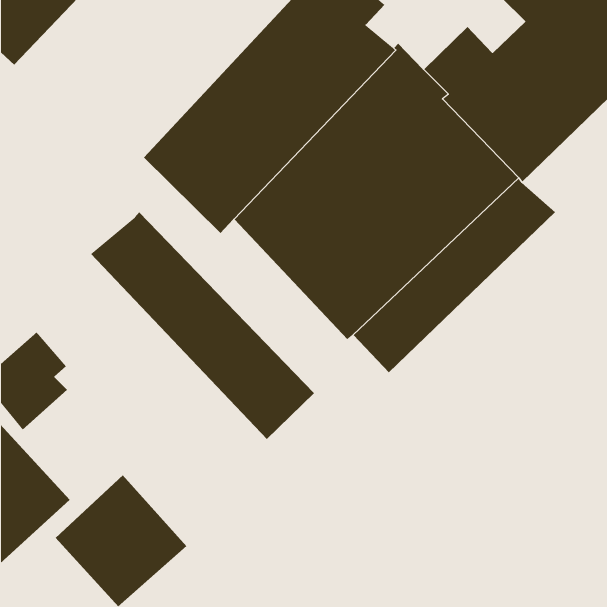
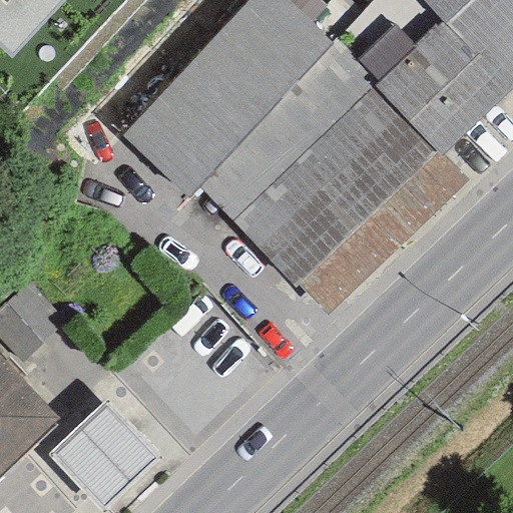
building: [90,211,315,440] -> none

